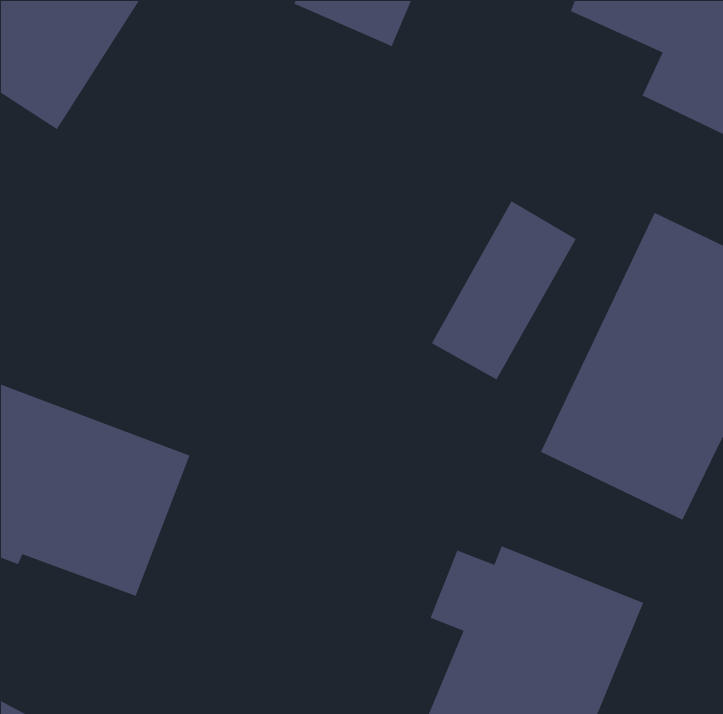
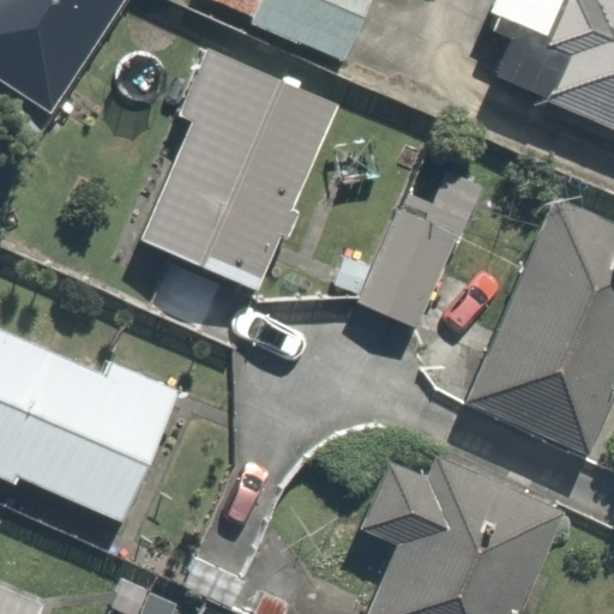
building: none -> [145,52,327,284]

